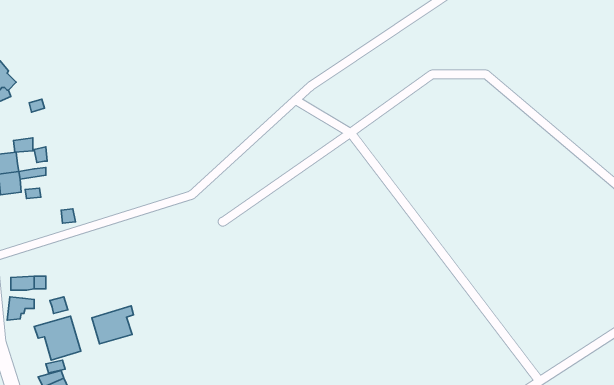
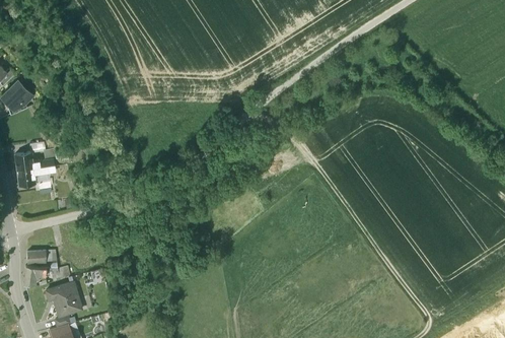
building: [92,306,133,344] -> none

